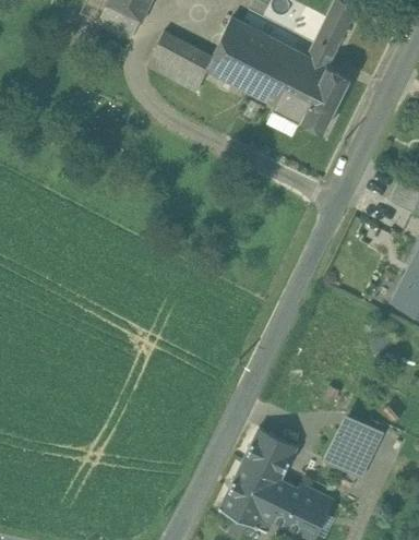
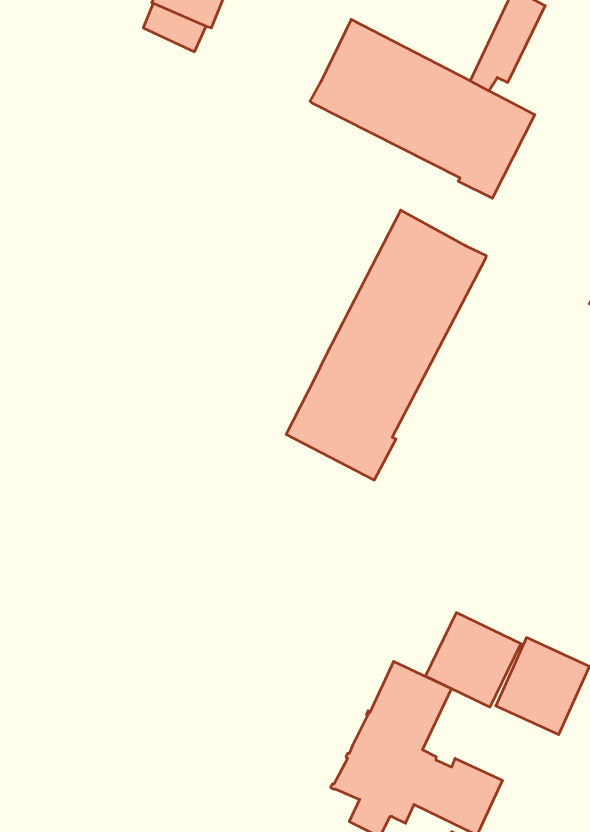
building: [147,32,213,92] -> none
building: none -> [286,210,486,480]
building: none -> [425,613,521,707]

